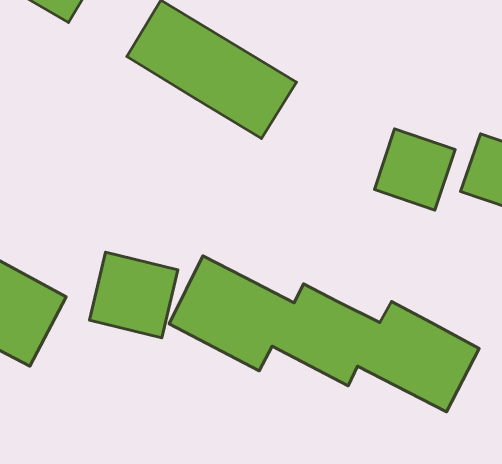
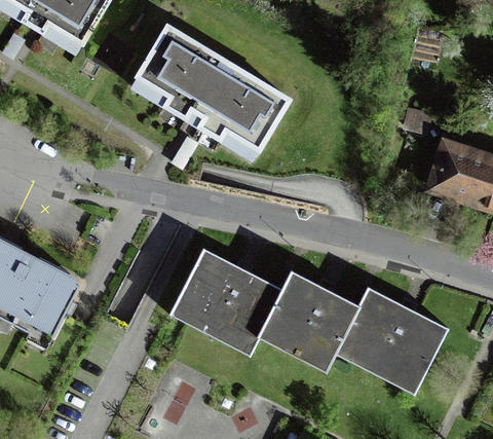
building: [374,129,455,210] -> none
building: [90,252,178,338] -> none

